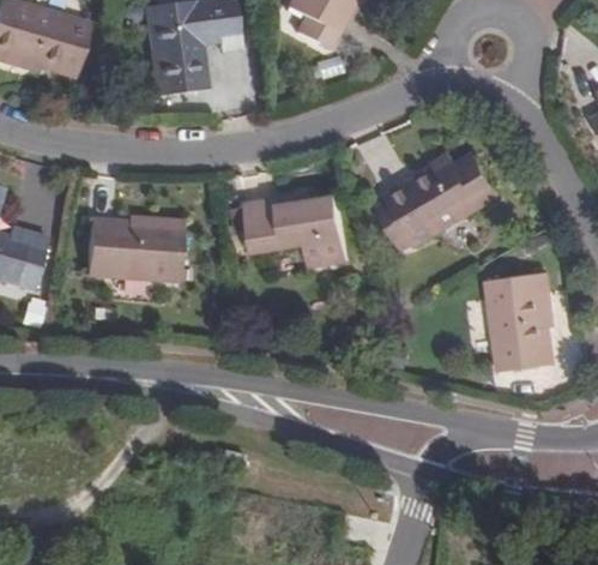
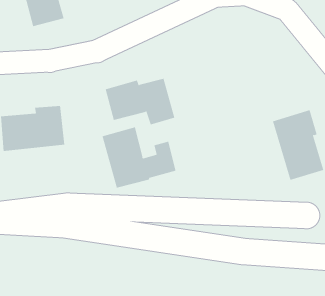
building: [386,155,499,245] -> none
building: none -> [102,127,176,189]

